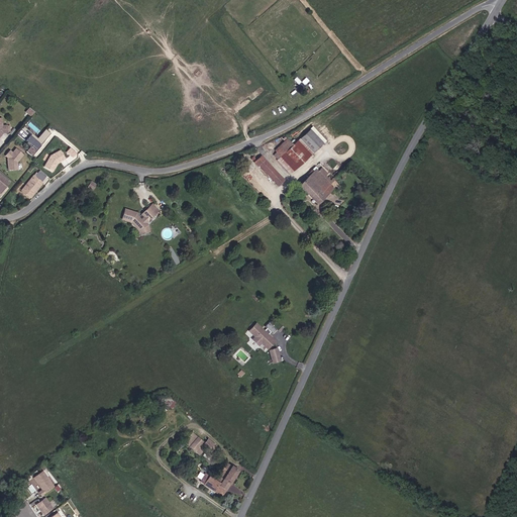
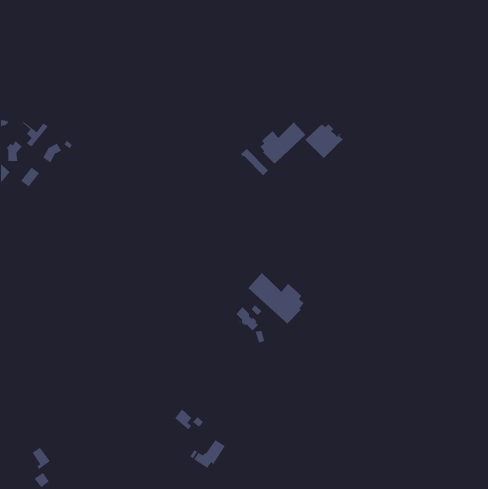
building: [298,167,339,204] -> [305,123,344,159]
building: [122,204,160,235] -> none
building: none -> [248,272,305,324]

